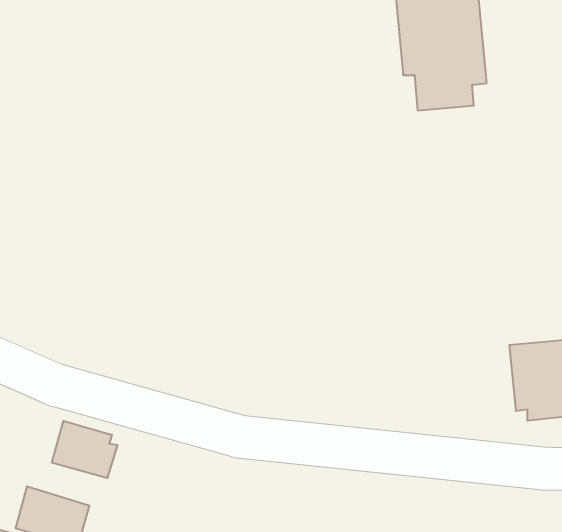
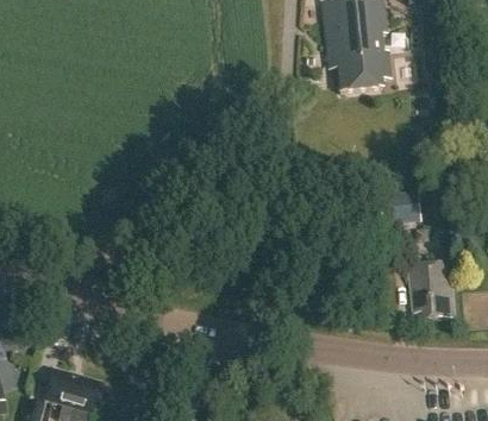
building: none -> [380,190,419,224]
building: [52,421,117,478] -> none

